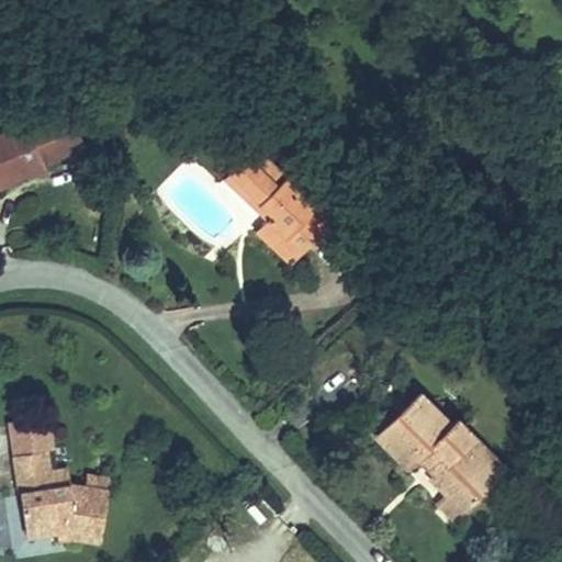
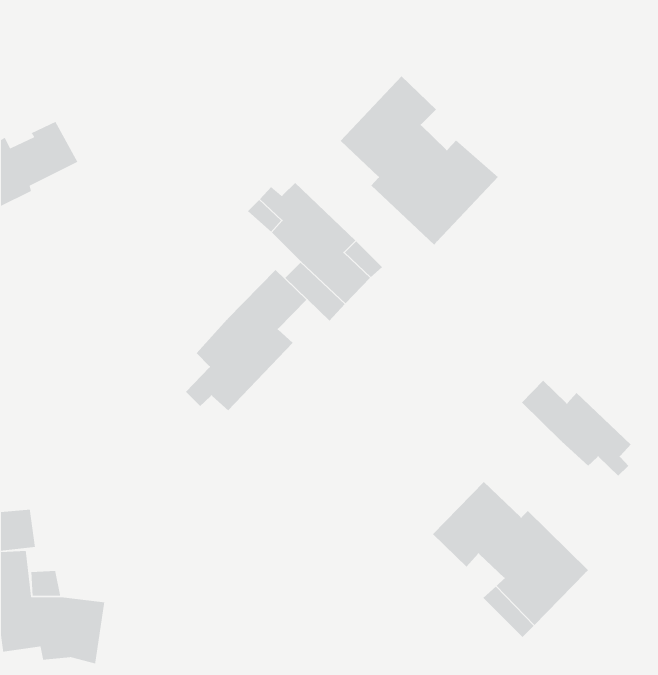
building: none -> [340,76,499,245]
building: none -> [185,269,307,411]
building: none -> [521,380,631,477]

